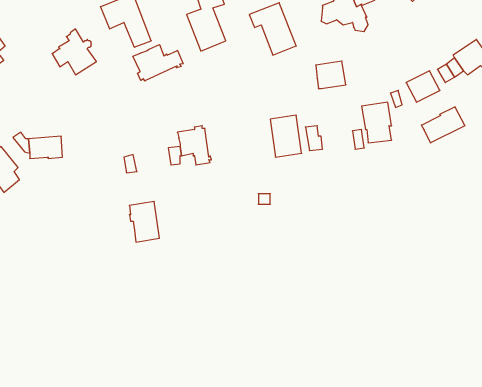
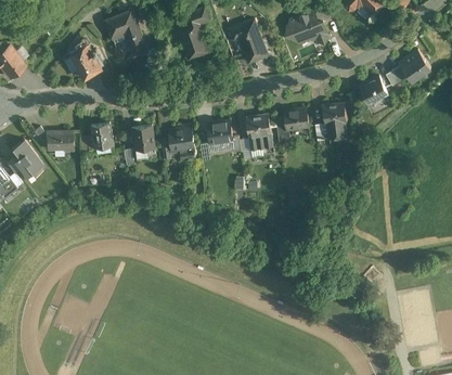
building: [133,45,183,81] -> none
building: [316,61,346,89] -> [284,108,309,131]
building: [421,107,465,143] -> none
building: none -> [208,119,233,142]
building: none -> [91,121,114,146]
building: [129,202,159,242] -> [132,122,157,156]

